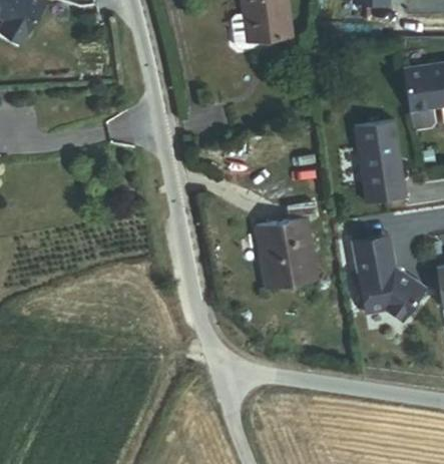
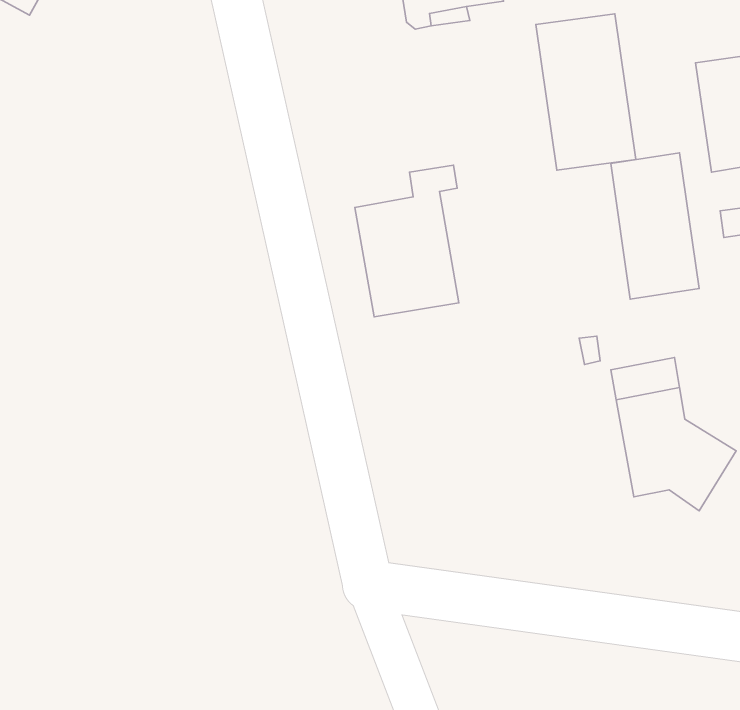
building: none -> [536,14,636,170]
building: [259,200,318,287] -> [355,165,459,317]

